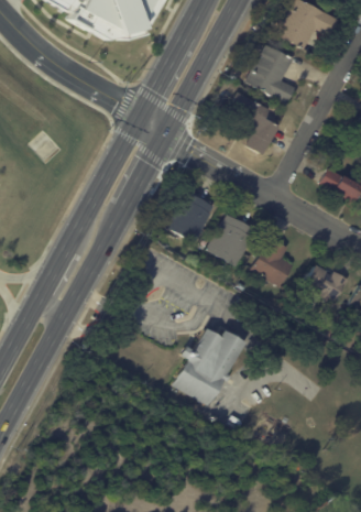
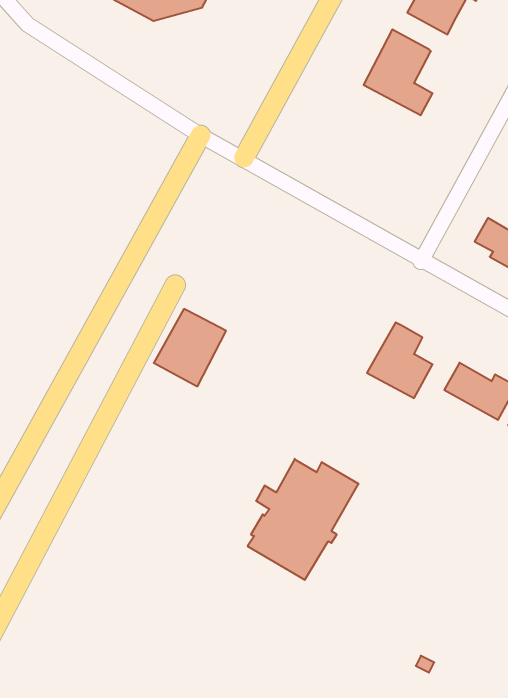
building: [226,91,275,154] -> none
building: [165,190,212,241] -> [154,309,226,386]
building: [208,214,256,265] -> none

